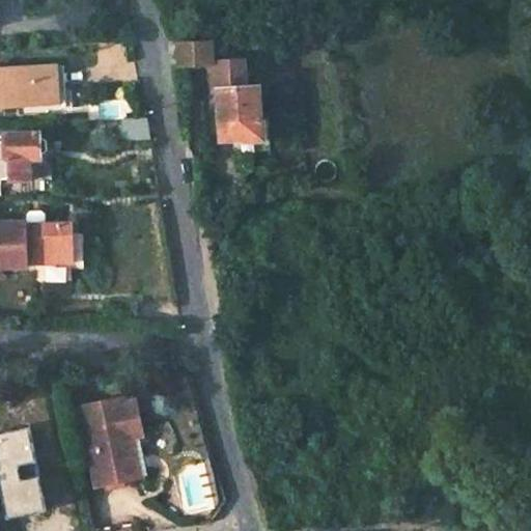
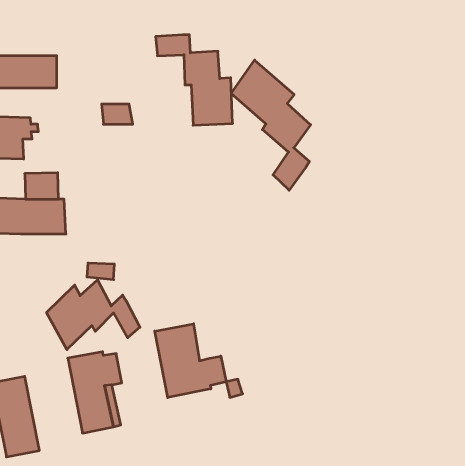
building: none -> [231,60,311,190]
building: none -> [47,280,140,350]
building: none -> [155,324,226,398]

